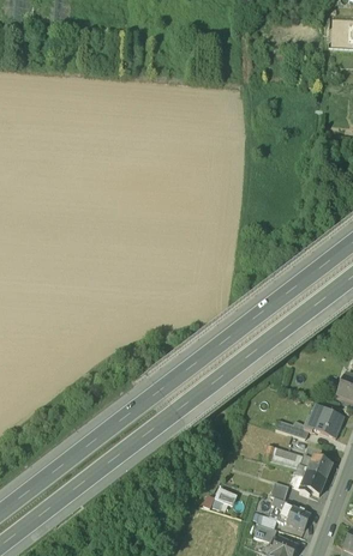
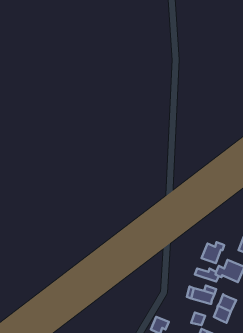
building: none -> [202,242,224,263]

